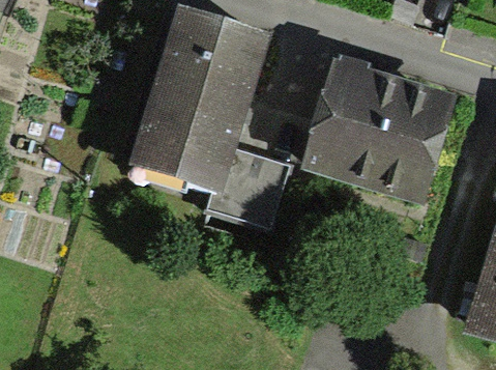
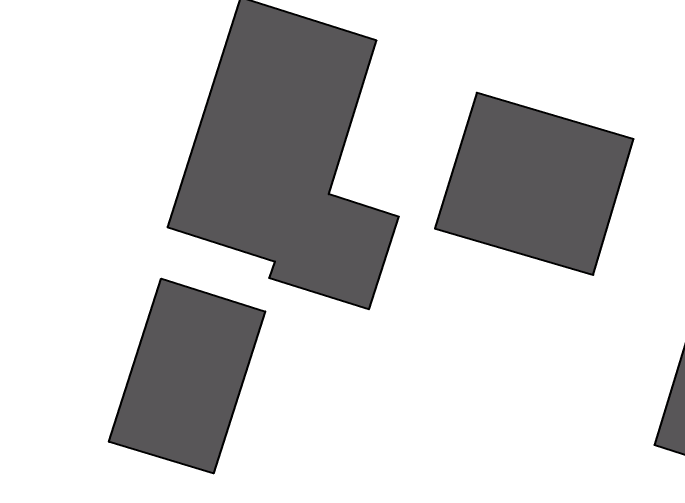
building: none -> [109,279,265,473]

